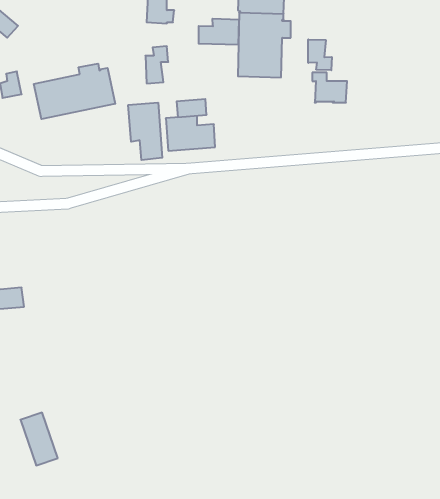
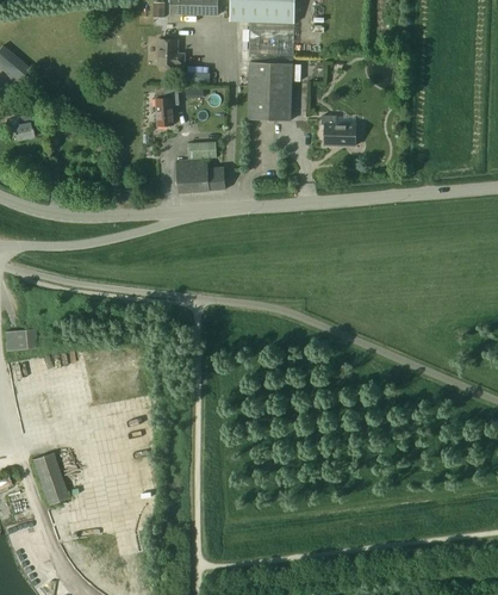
building: [199,19,239,45] -> none
building: [308,39,332,70] -> none
building: [34,64,115,119] -> none
building: [128,103,162,160] -> none

